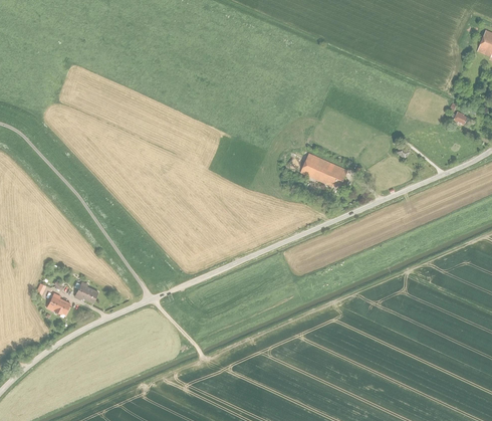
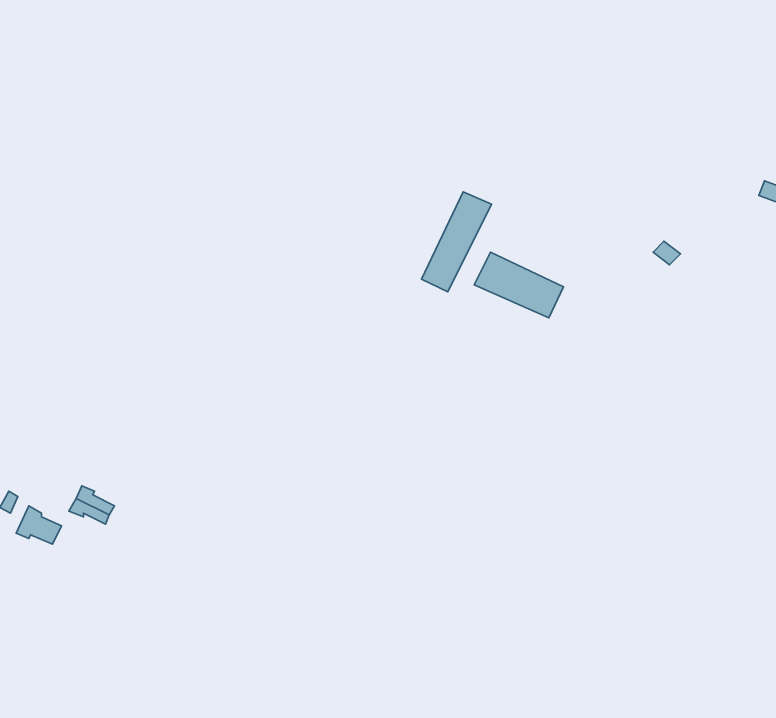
building: none -> [422,192,492,292]

